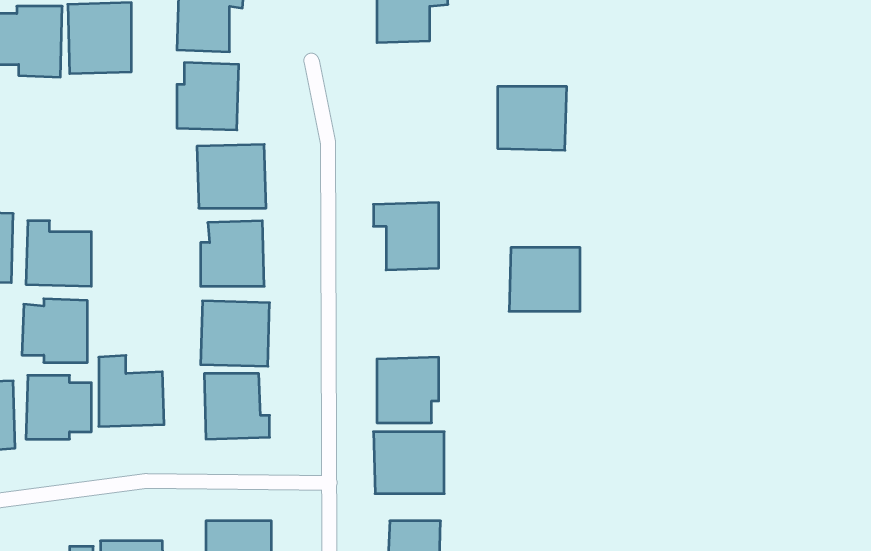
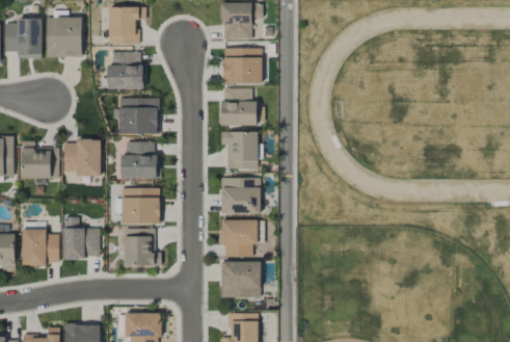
building: [498,87,567,150] -> [222,48,262,84]
building: none -> [220,88,257,126]
building: [509,248,580,311] -> [219,178,260,214]
building: [22,299,87,362] -> [62,139,100,176]

